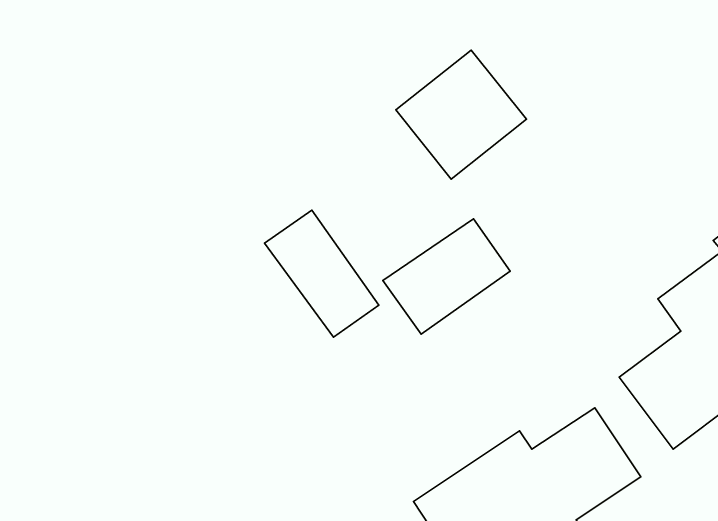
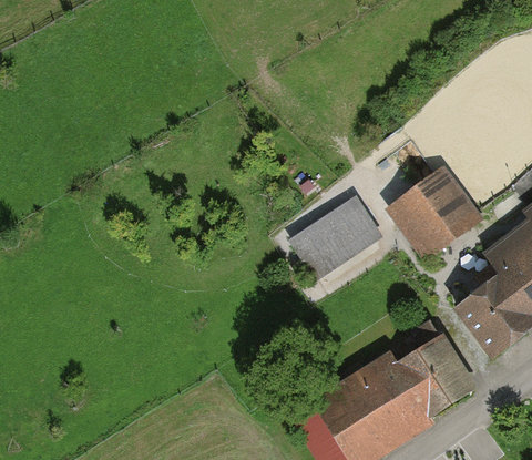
building: [396,50,526,179] -> [387,168,481,262]
building: [265,210,379,337] -> none

